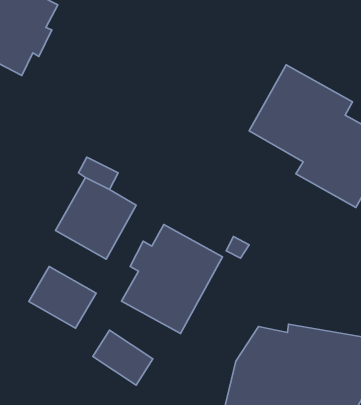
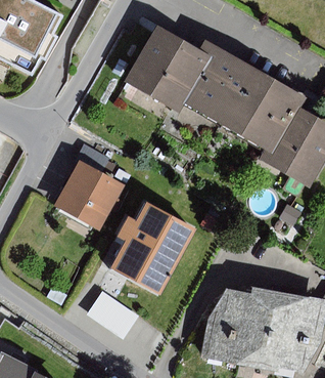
building: none -> [127,24,251,122]
building: [29,267,96,328] -> none

